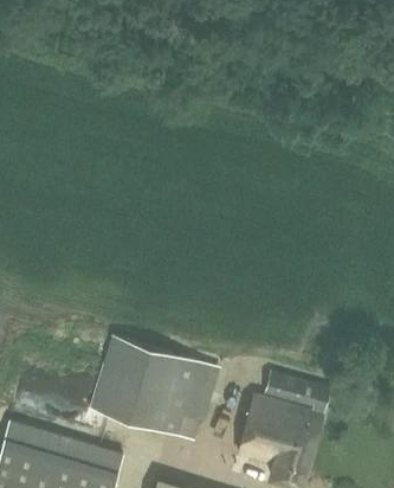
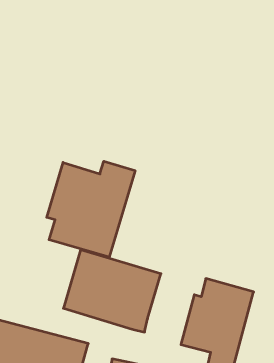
building: none -> [47,161,135,257]

